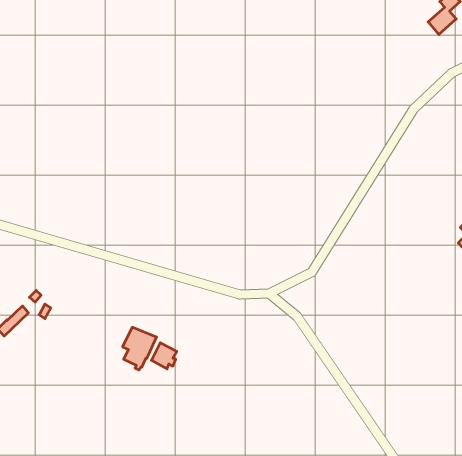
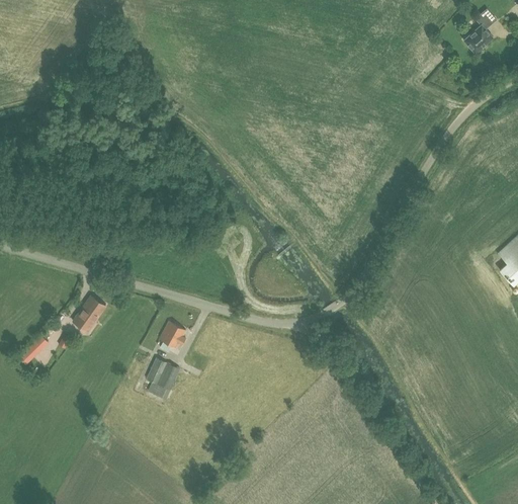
building: none -> [73,296,105,331]
building: [151,343,177,369] -> [160,321,186,348]

